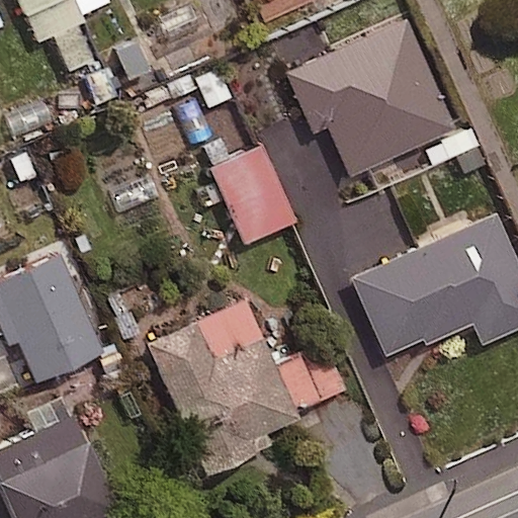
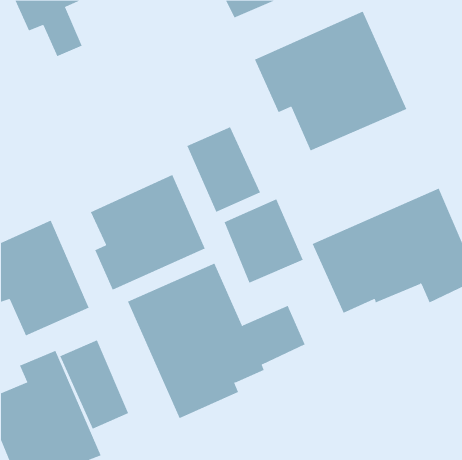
building: none -> [90,174,205,290]
building: none -> [224,199,303,283]
building: none -> [60,340,129,430]

